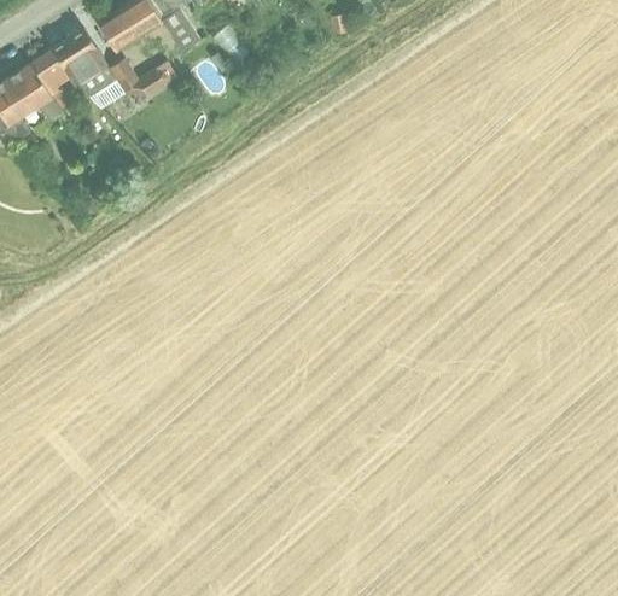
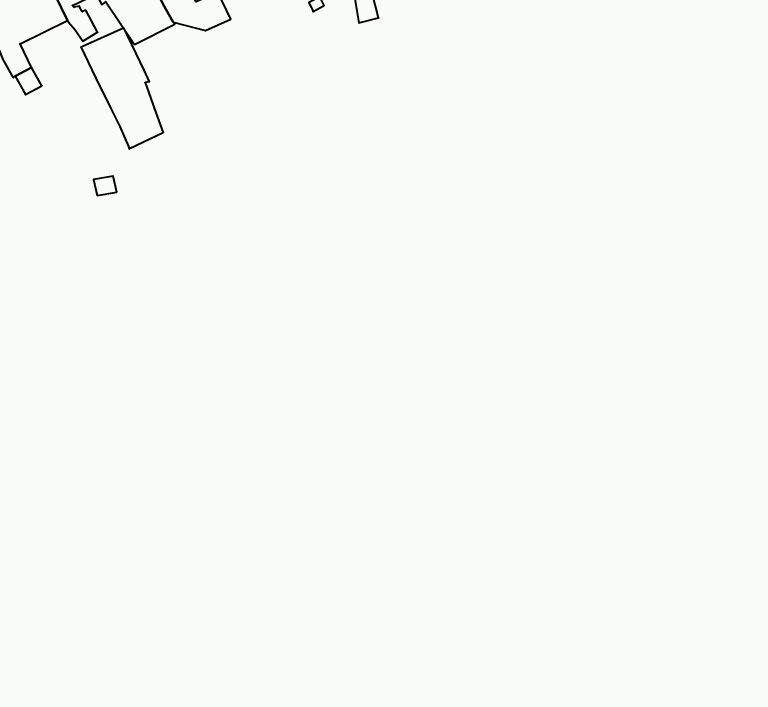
building: none -> [81,28,163,149]

